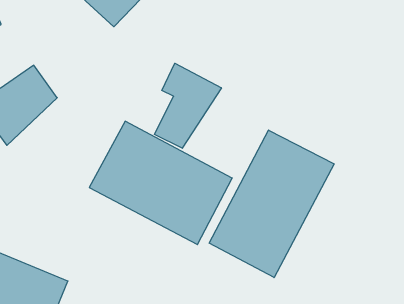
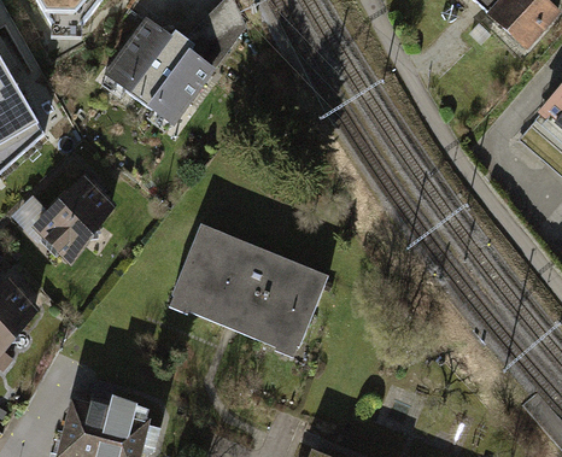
building: [155,63,221,148] -> none
building: [209,130,334,278] -> none

